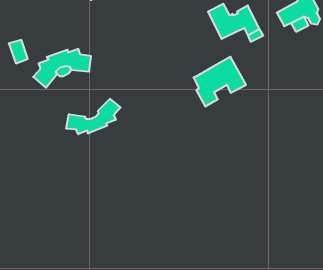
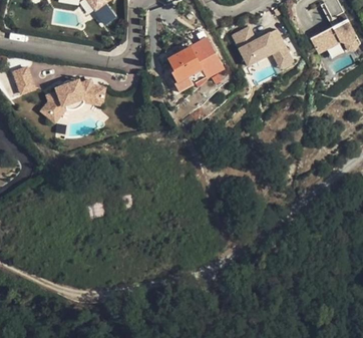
building: [193,57,246,107] -> [165,37,224,92]
building: [66,99,121,134] -> none

